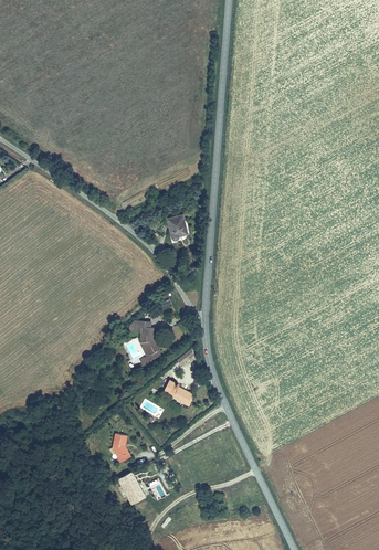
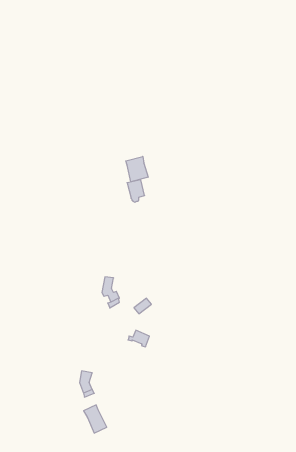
building: none -> [126,156,148,182]

